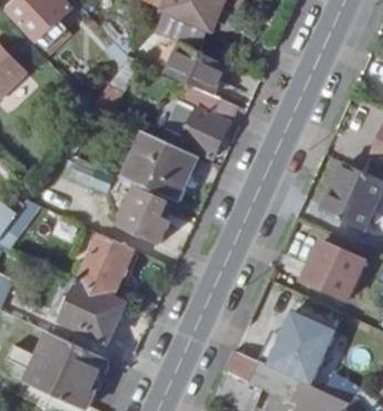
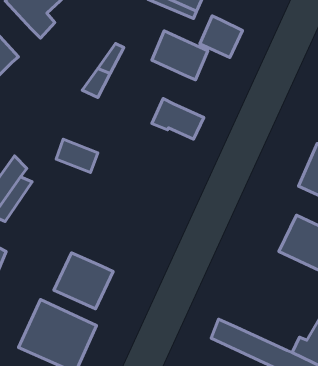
building: [189,91,235,136] -> [200,16,242,58]
building: [122,131,196,202] -> none
building: [118,188,169,243] -> none
building: [78,234,132,295] -> none
building: [257,312,335,385] -> none

